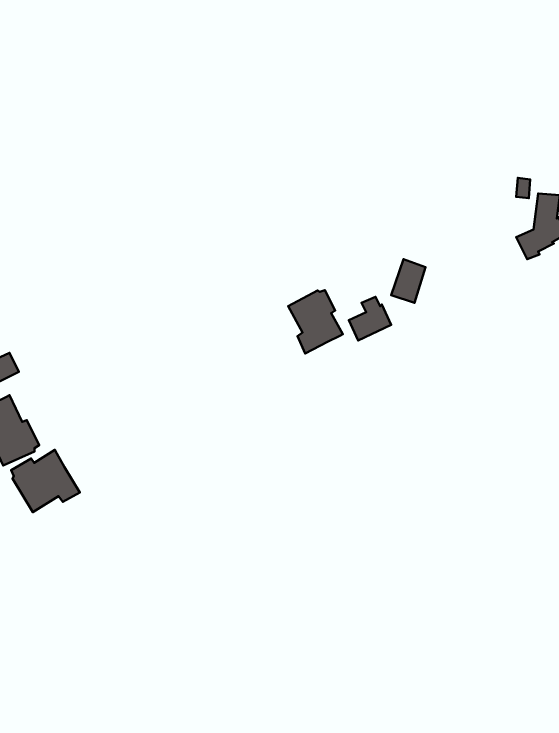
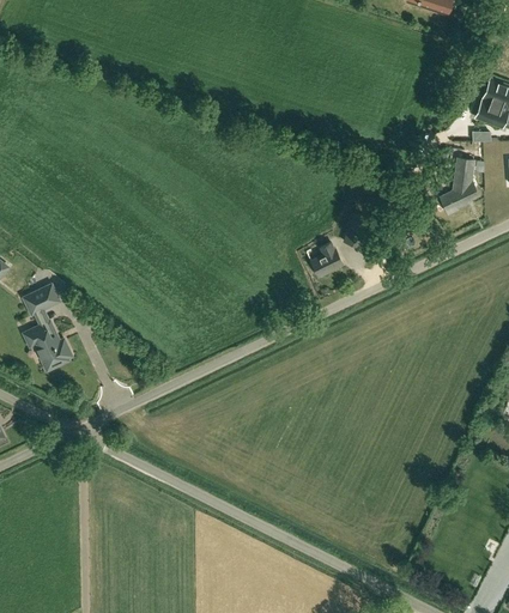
building: [288,290,343,353] -> none
building: [11,450,80,512] -> none

